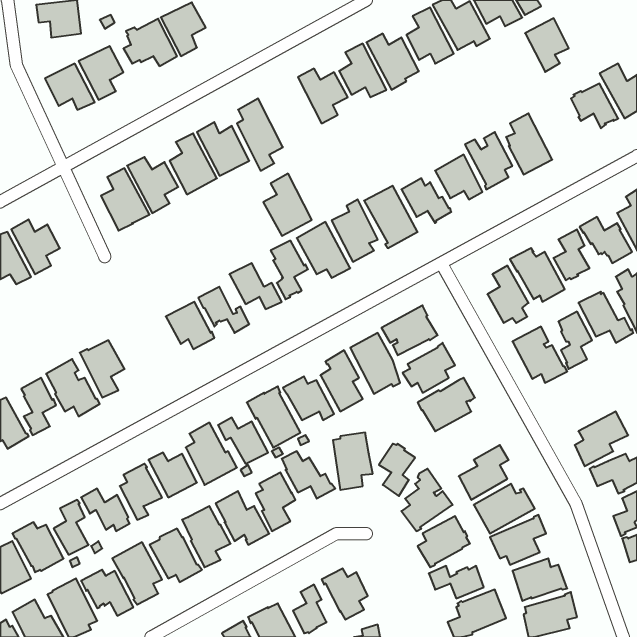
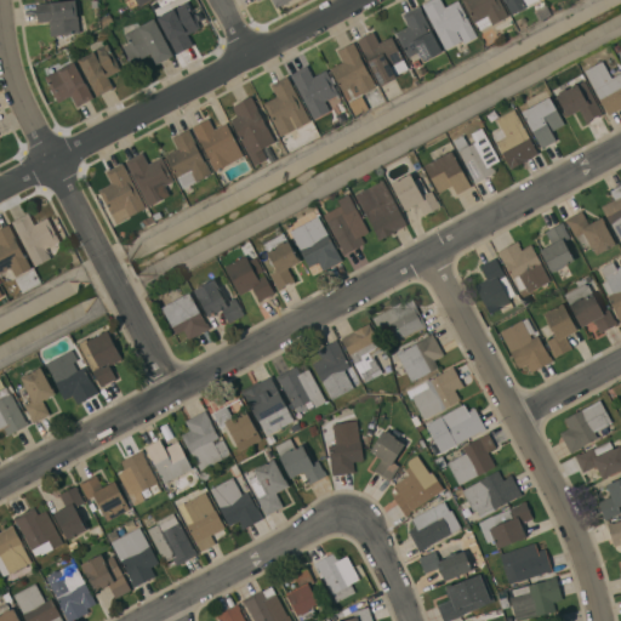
building: [525,18,569,72] -> [522,97,564,149]
building: [263,174,312,236] -> [262,76,309,137]
building: none -> [431,405,485,449]

